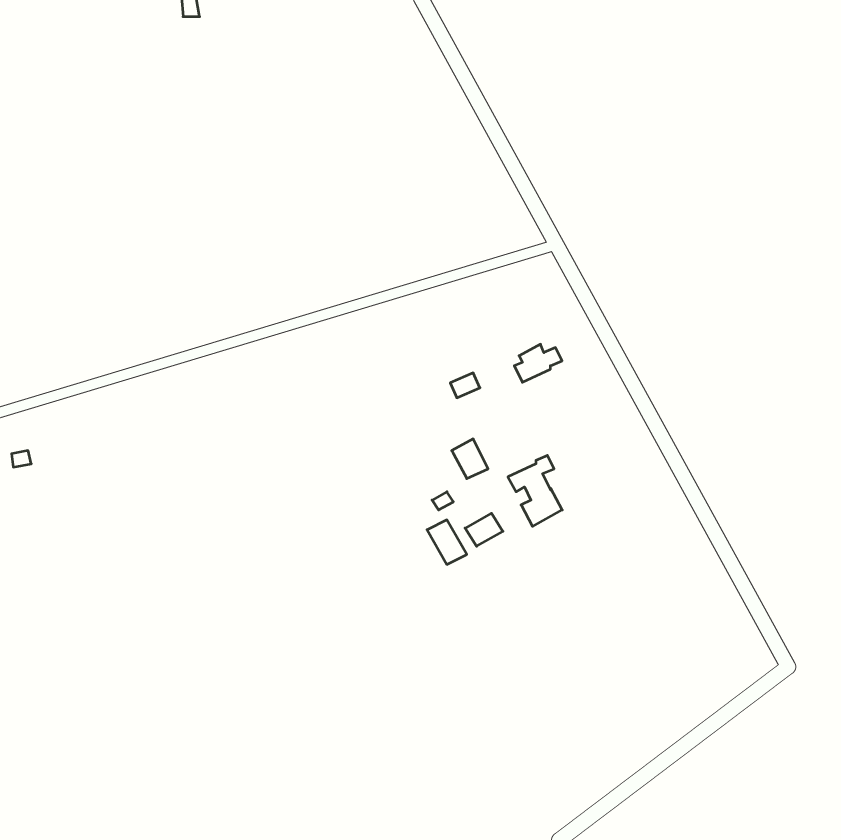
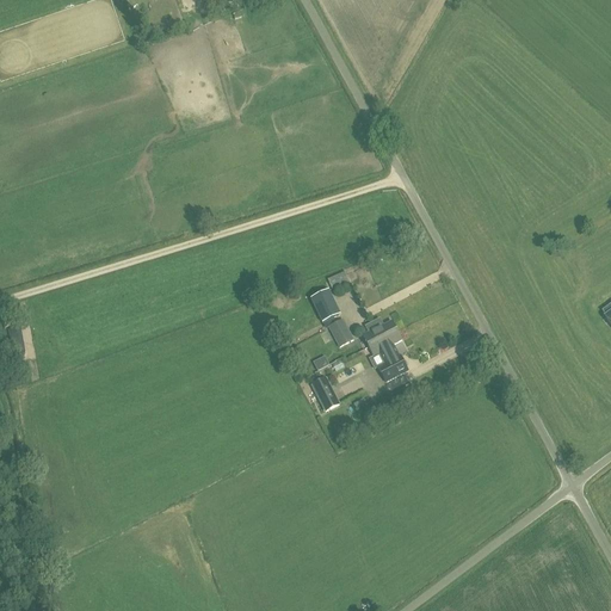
building: [514,344,562,382] -> [362,317,396,345]
building: none -> [309,288,340,322]

